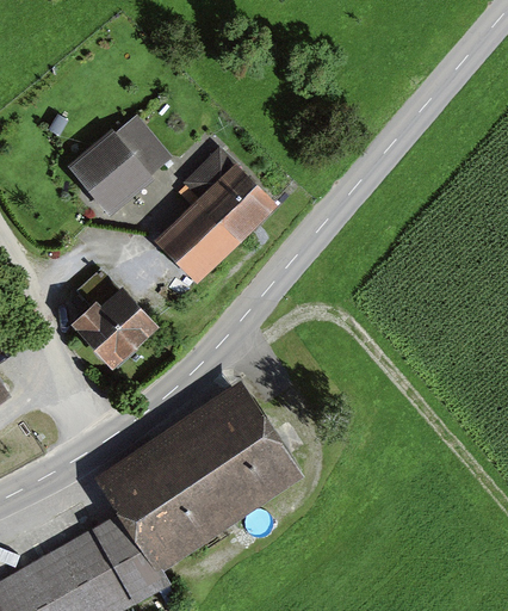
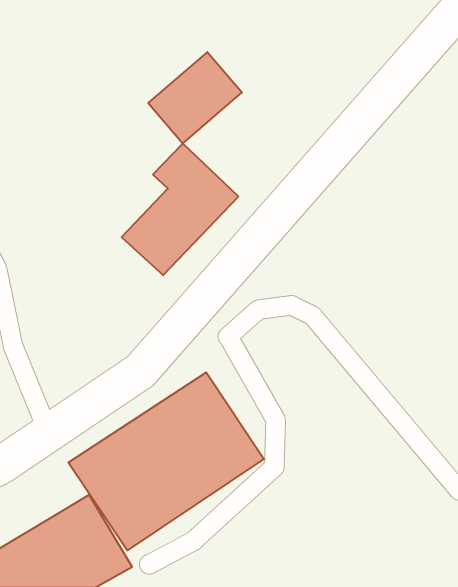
building: [72,117,168,211] -> [148,52,242,143]
building: [73,285,159,371] -> none

